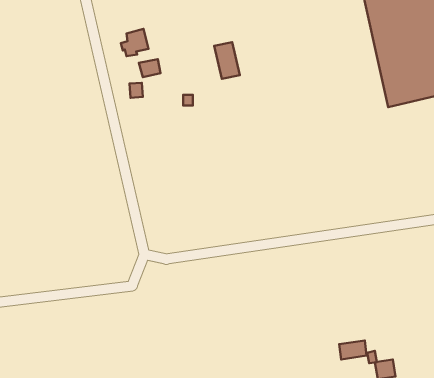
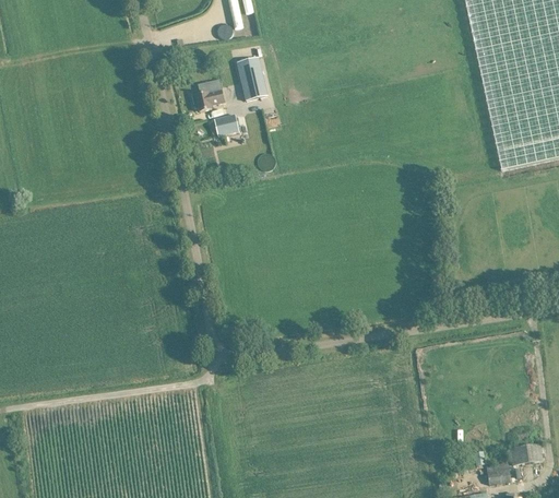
building: [214,42,240,79] -> [238,57,267,99]
building: [339,340,367,359] -> [511,442,543,464]

